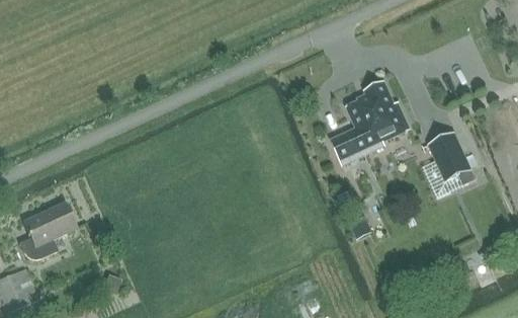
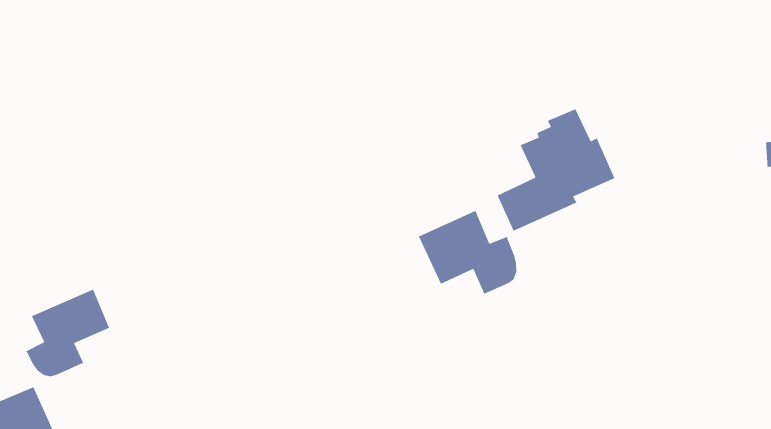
building: [429,139,472,182] -> none
building: none -> [418,210,517,295]

